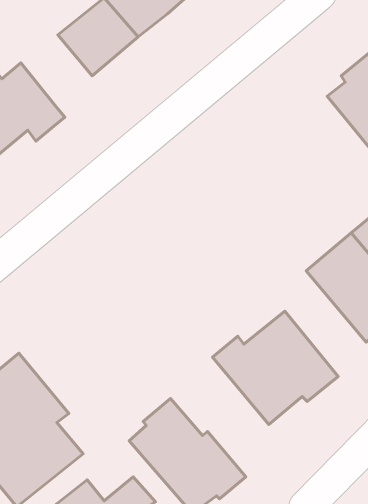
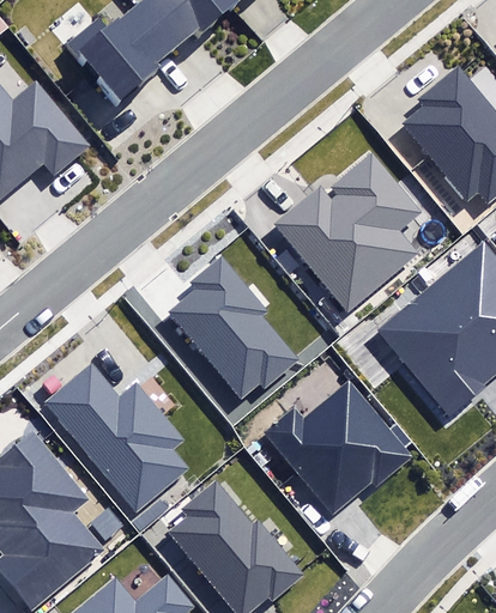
building: none -> [276,154,419,309]
building: none -> [169,256,301,400]
building: none -> [47,365,189,511]

